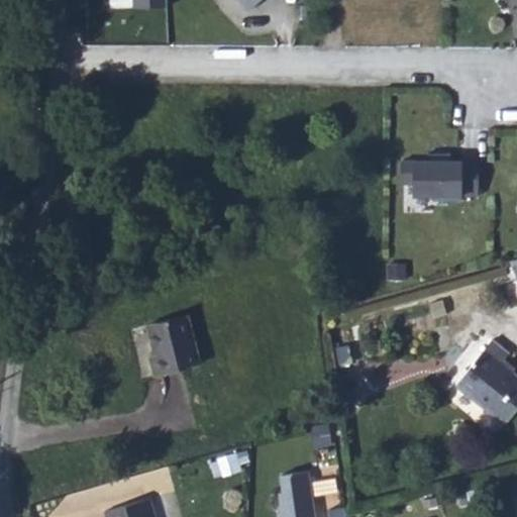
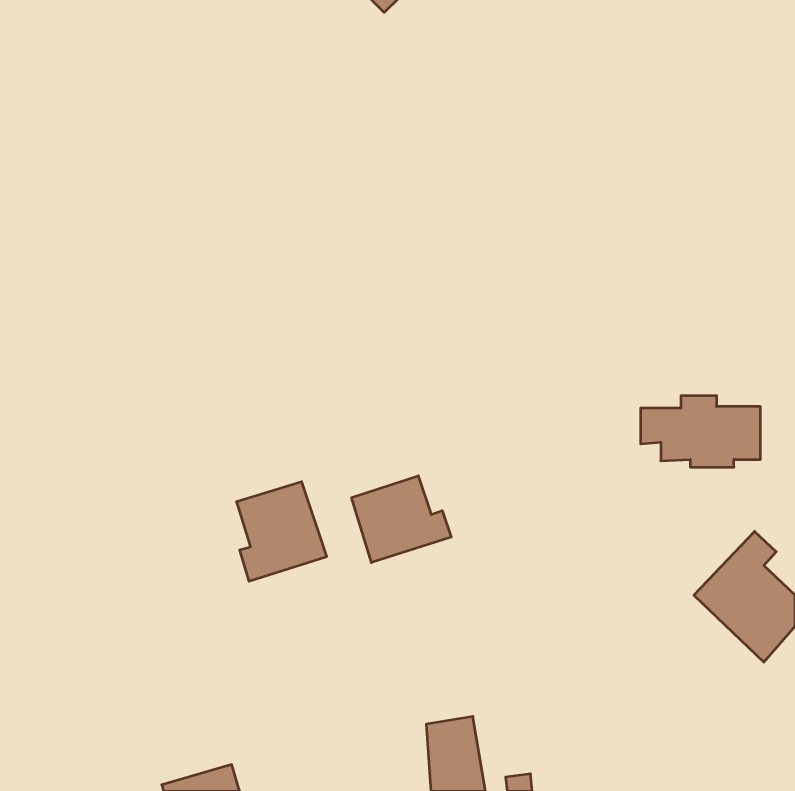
building: [408,159,486,205] -> [641,396,760,467]
building: none -> [352,476,451,563]

